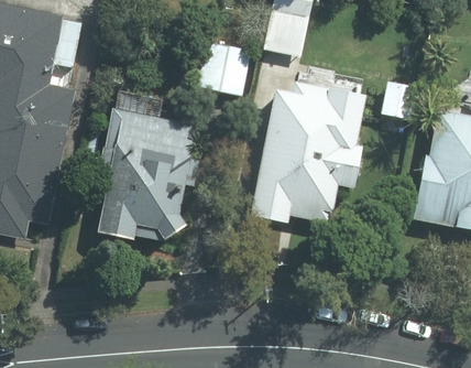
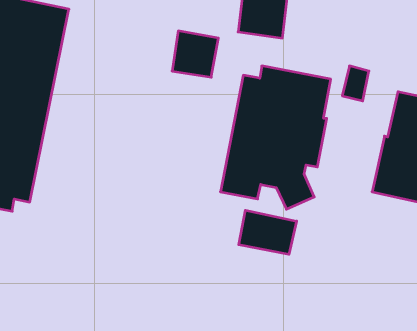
building: [97,111,198,238] -> none
building: none -> [239,210,297,254]

